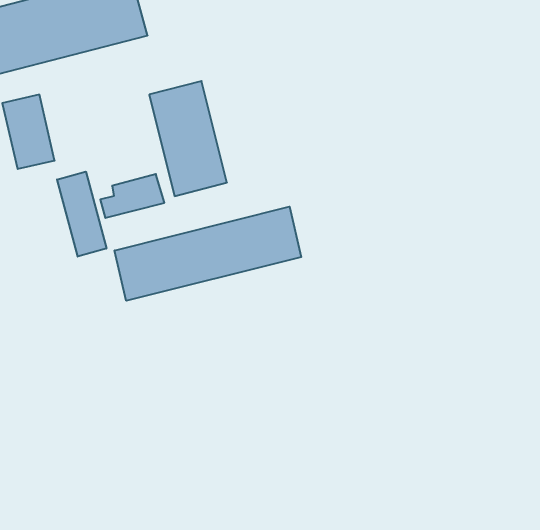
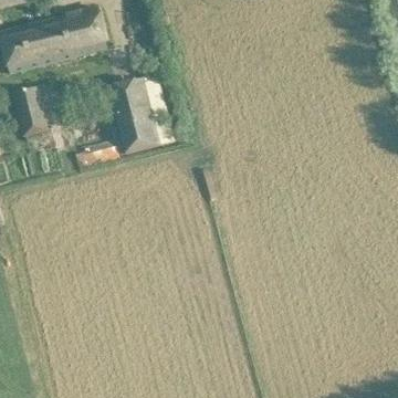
building: [57,172,106,257] -> none
building: [115,207,301,301] -> none

